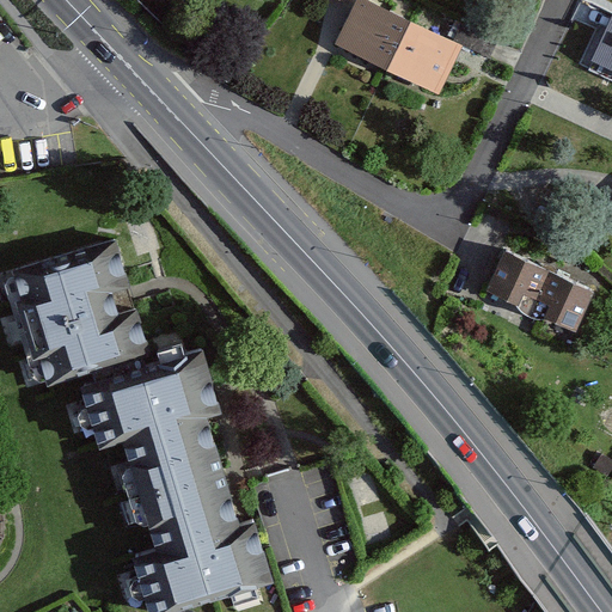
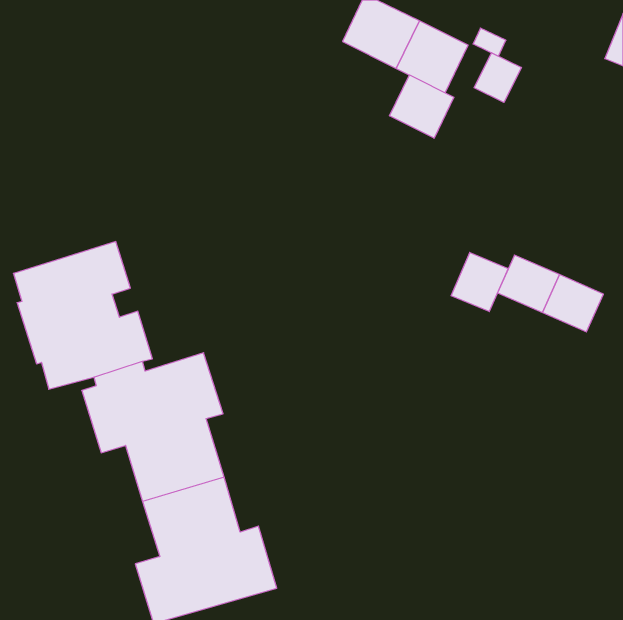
building: none -> [474,53,521,102]
building: none -> [390,75,454,138]
building: none -> [451,252,508,312]

